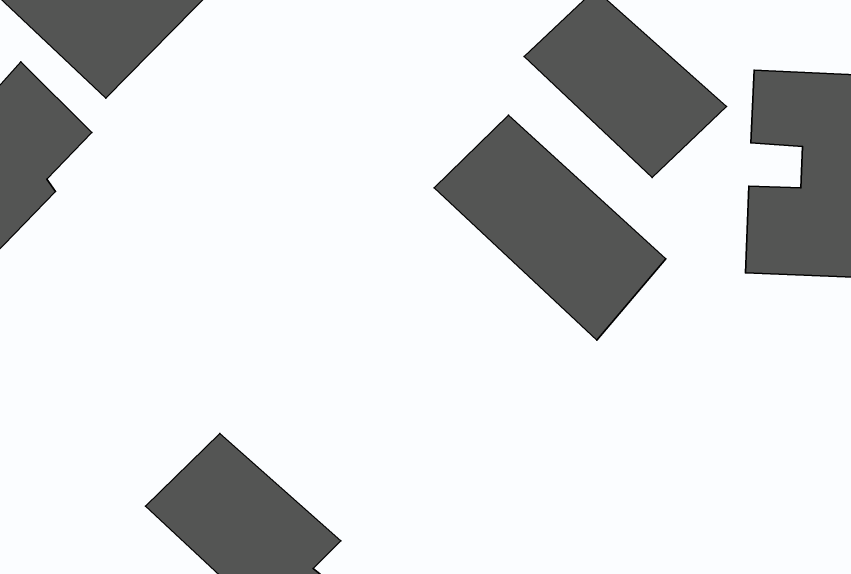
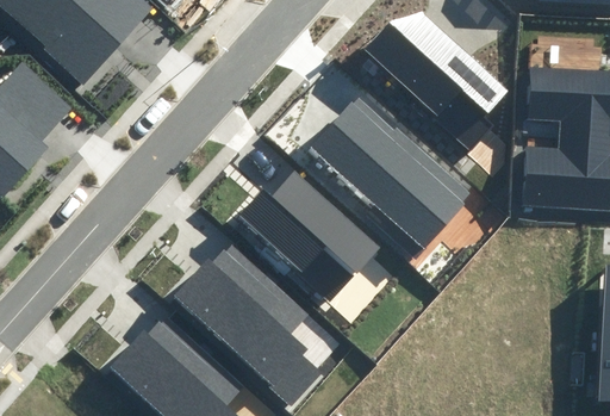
building: none -> [237,172,380,302]
building: none -> [173,248,324,404]

